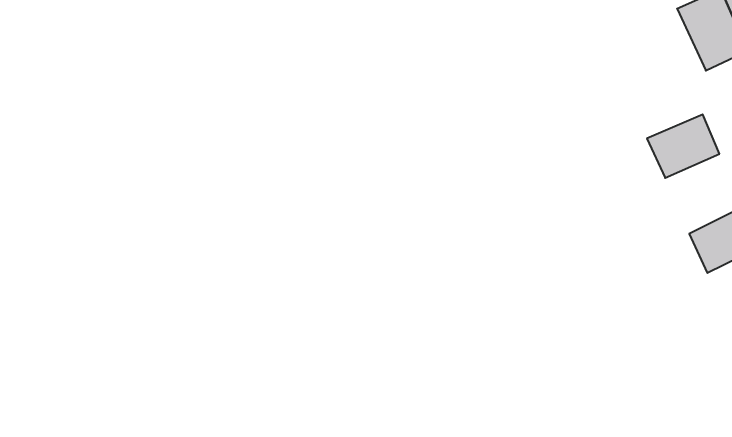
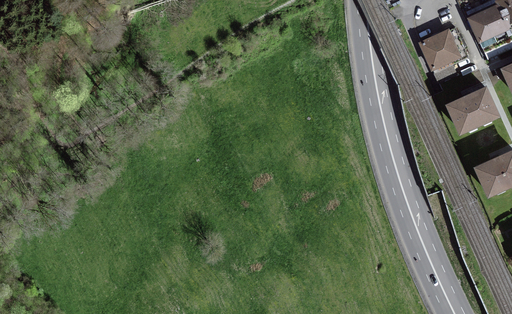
building: none -> [420,28,468,82]

